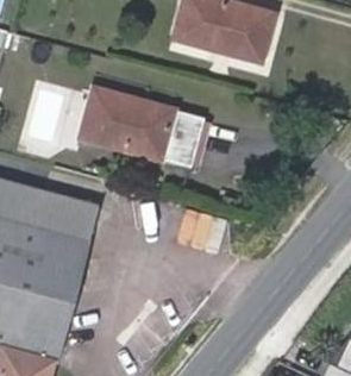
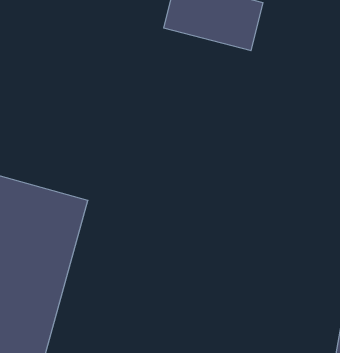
building: [80,89,205,167] -> none

